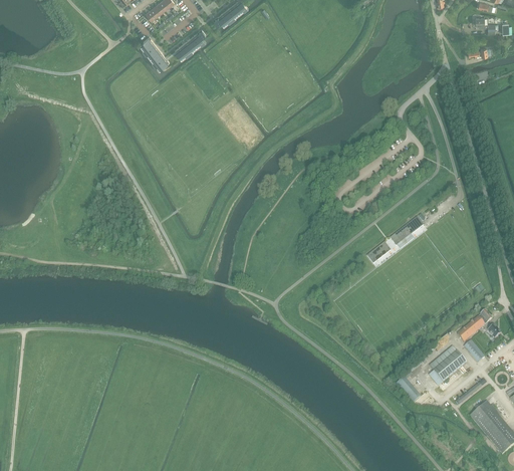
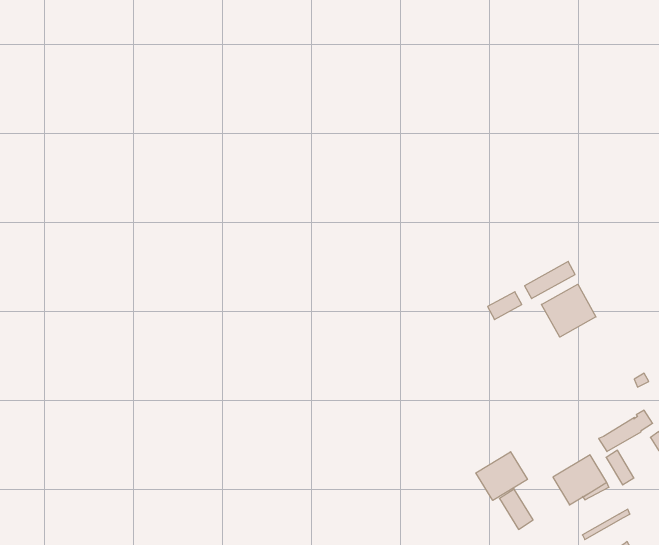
building: none -> [541,284,596,337]
building: none -> [476,452,527,500]

